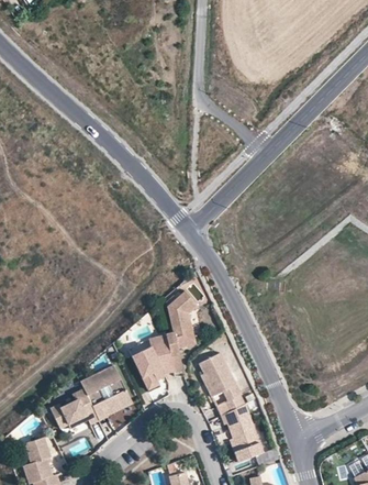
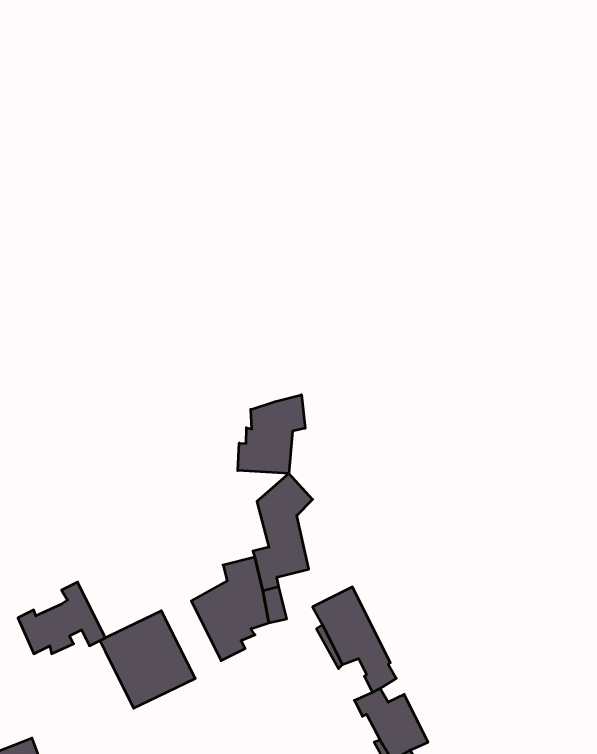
building: none -> [238,395,305,474]
building: [52,388,100,428] -> [18,582,105,654]

